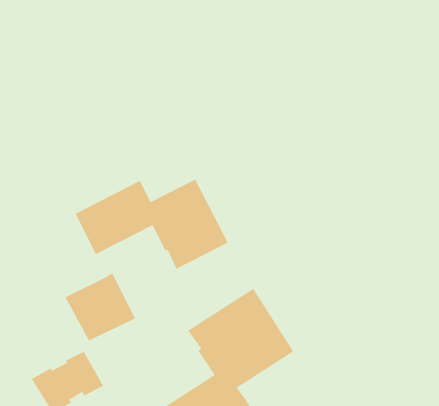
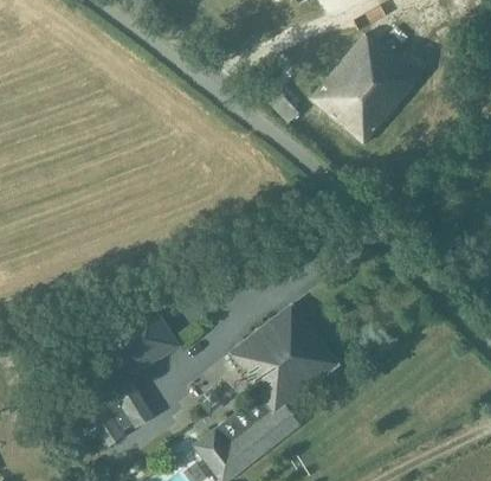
building: none -> [312,34,429,143]
building: [74,178,229,270] -> none

